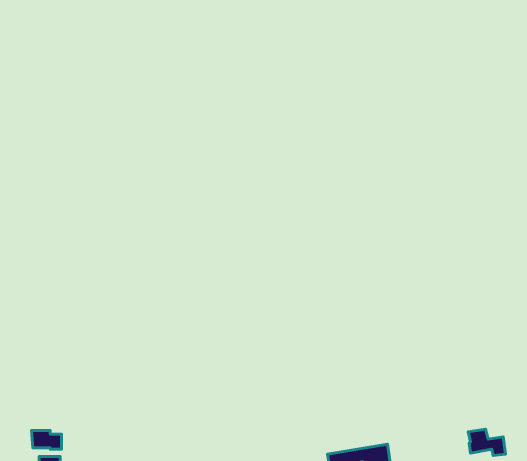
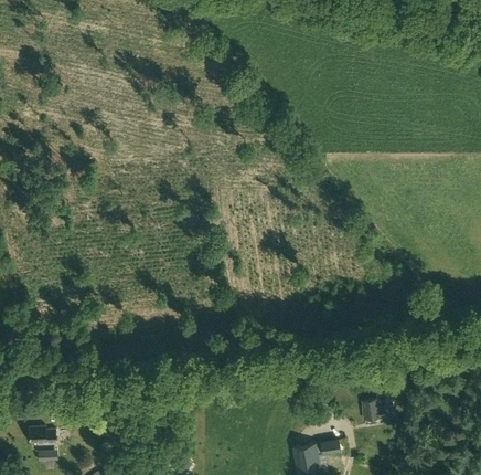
building: [468,429,506,456] -> [361,399,394,422]

